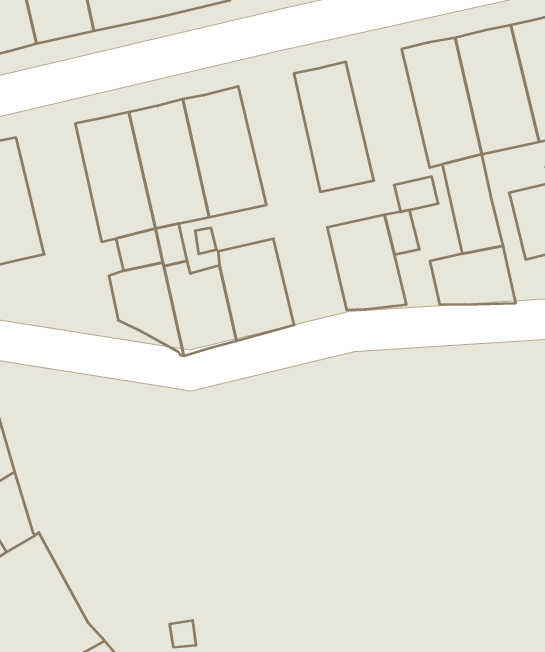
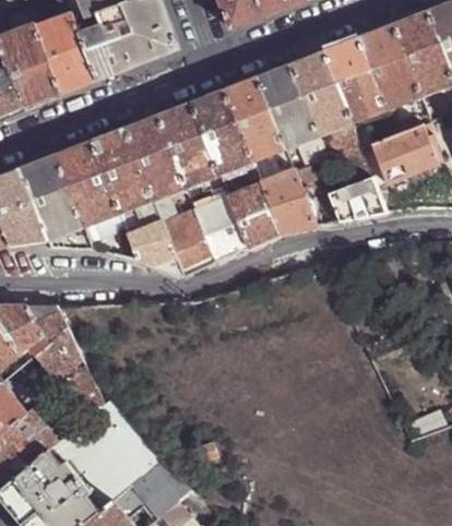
building: none -> [255,64,318,150]
building: none -> [190,89,251,175]
building: none -> [55,141,122,237]
building: none -> [226,169,278,248]

